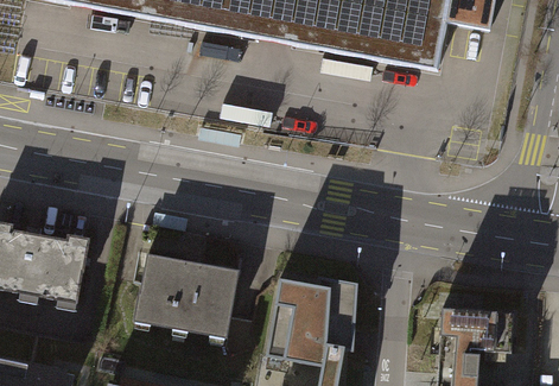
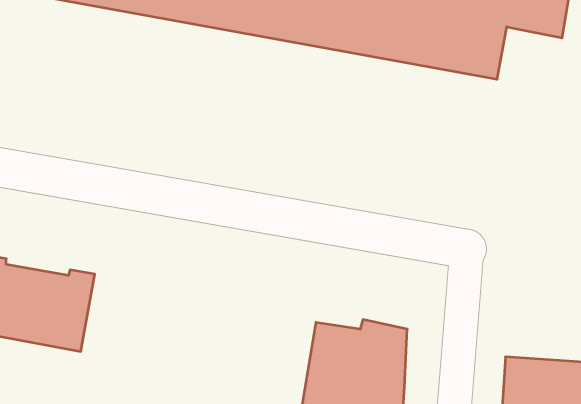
building: [133,254,239,338] -> none

